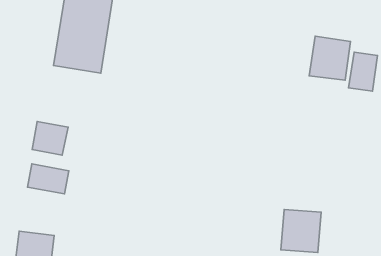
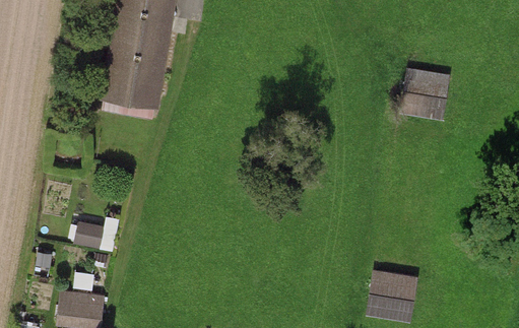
building: [348,52,377,91] -> none
building: [32,121,68,155] -> none

